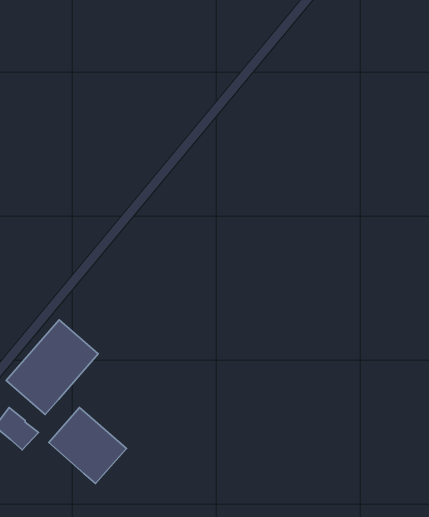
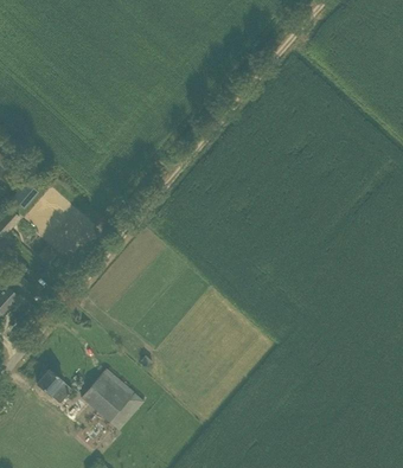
building: [6,320,98,415] -> none

